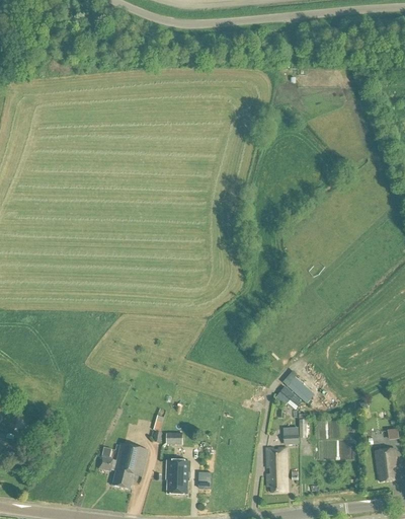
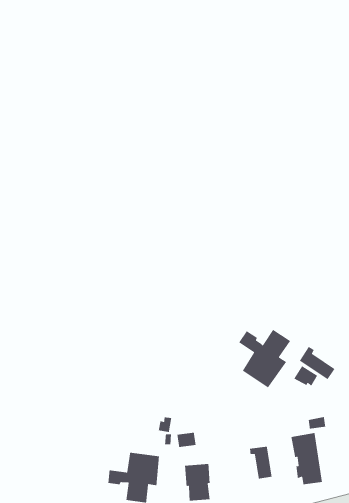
building: none -> [238,329,291,388]
building: none -> [249,446,272,479]

